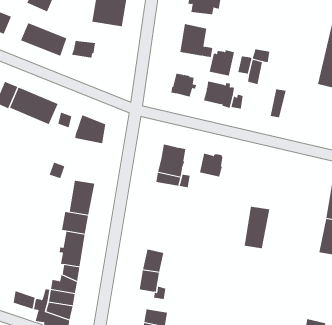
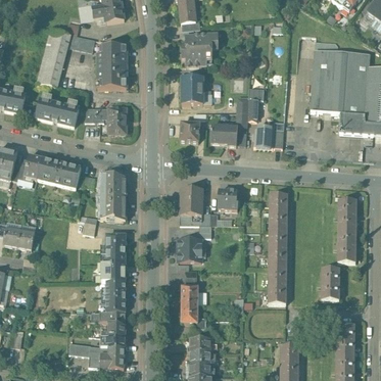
building: none -> [108,106,127,133]
building: [209,49,235,76] -> [253,123,274,146]
building: none -> [100,195,127,220]
building: none -> [269,194,287,230]
building: none -> [178,238,201,260]
building: none -> [268,267,286,303]
building: none -> [321,267,339,298]

